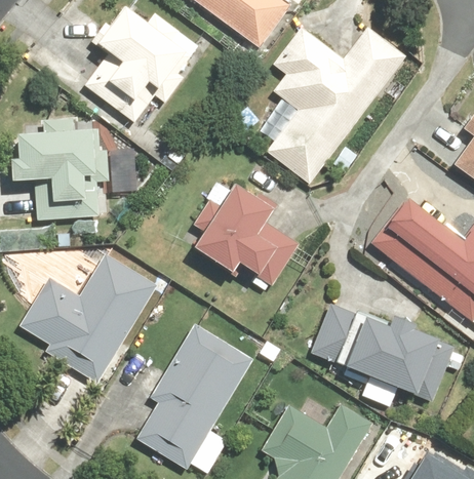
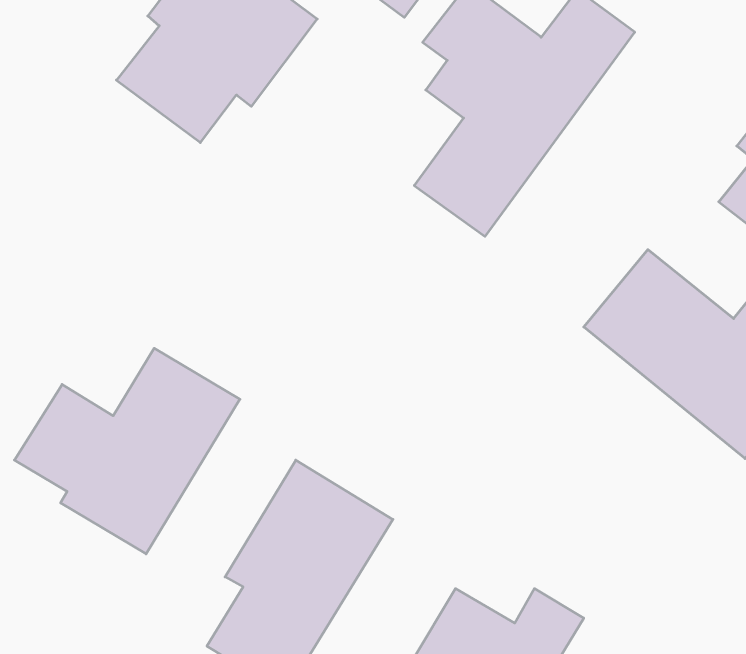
building: [12,119,109,221] -> none
building: [193,181,299,287] -> none
building: [311,297,455,399] -> none

